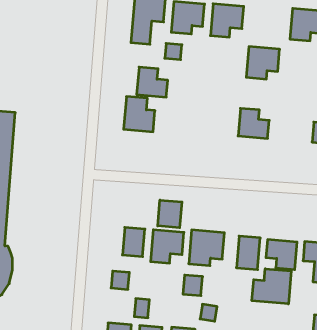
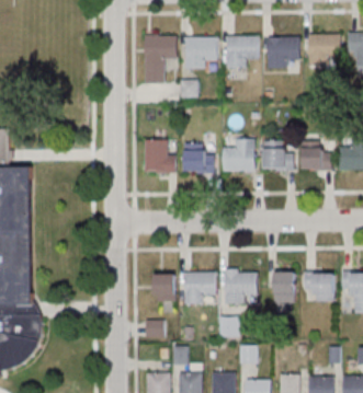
building: [246,47,280,79] -> [268,36,299,68]
building: [137,67,168,97] -> [184,143,215,172]
building: none -> [223,139,254,170]
building: none -> [302,141,331,170]
building: [158,200,182,228] -> none
building: [252,269,291,304] -> none

